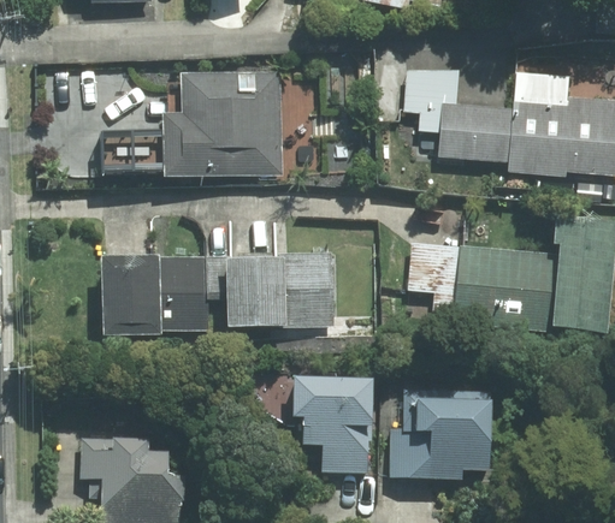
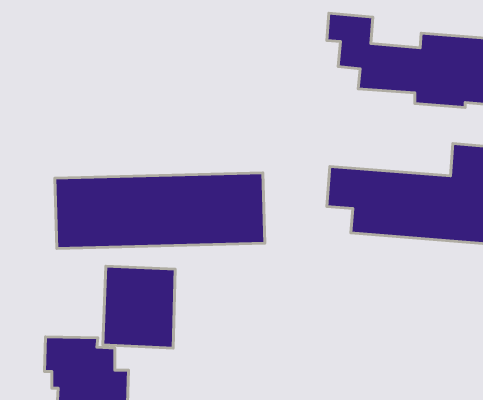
building: [160,71,285,176] -> none
building: [288,375,371,469] -> [103,266,175,348]
building: [392,388,495,477] -> none

